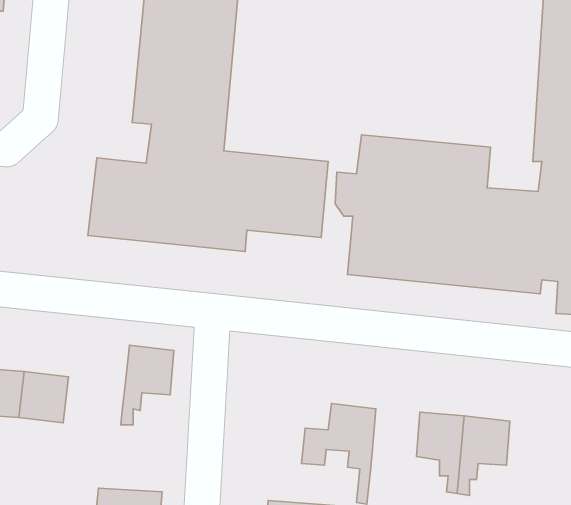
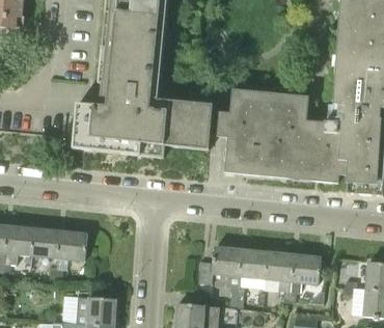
building: [121,345,174,425] -> [55,230,86,277]
building: none -> [239,249,267,277]

